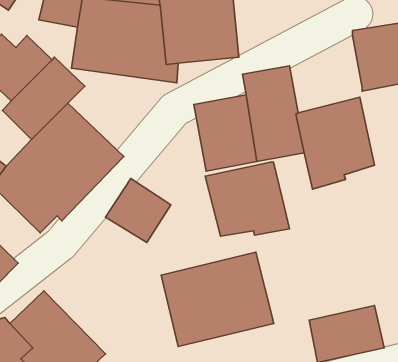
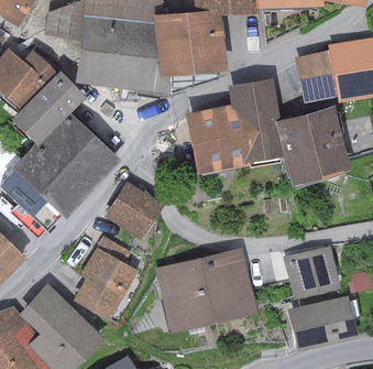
building: none -> [296,51,338,104]
building: [205,162,290,236] -> none
building: none -> [74,236,138,322]
building: none -> [286,247,340,299]

